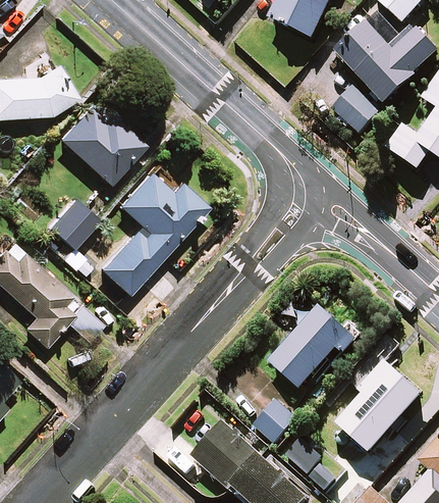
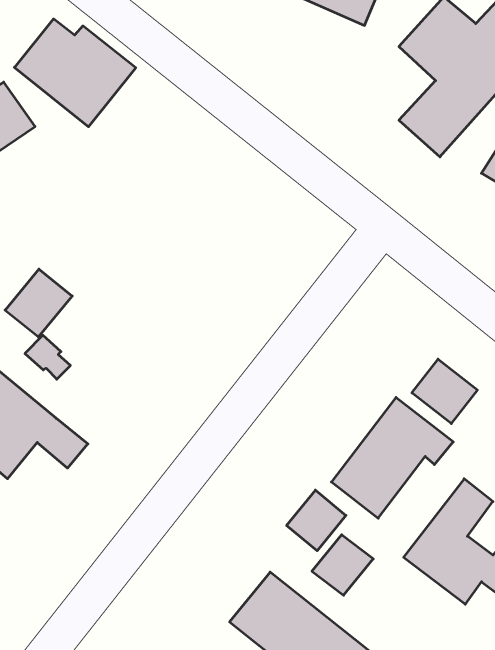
building: [57,104,143,182] -> [14,19,136,127]
building: [98,170,206,292] -> none
building: none -> [412,359,477,424]
building: none -> [287,490,346,551]

